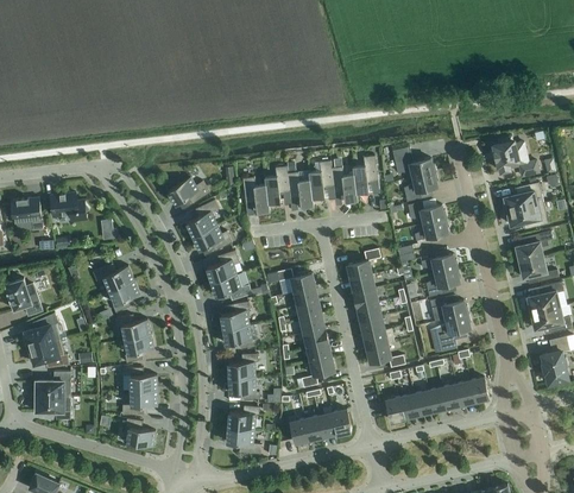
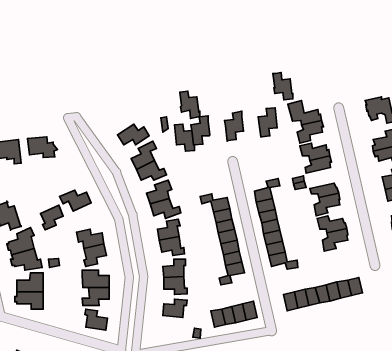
building: [330,166,357,202] -> [273,73,293,100]
building: [286,172,313,208] -> [180,91,200,118]
building: [109,280,139,312] -> [41,205,63,230]
building: [226,428,260,454] -> none

